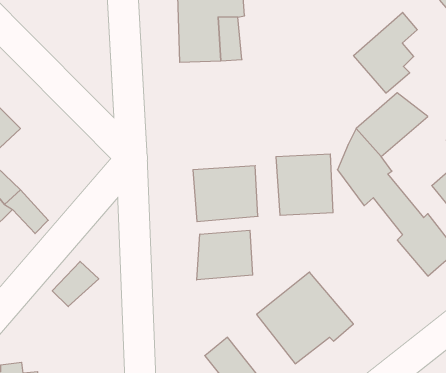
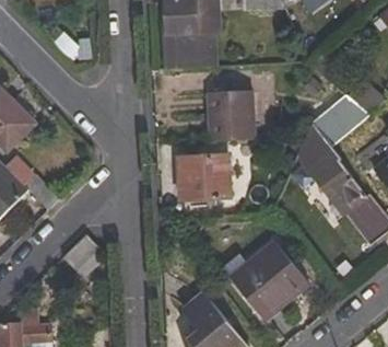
building: [354,12,417,93] -> none
building: [276,154,333,215] -> [207,90,254,140]
building: [197,230,253,280] -> none

